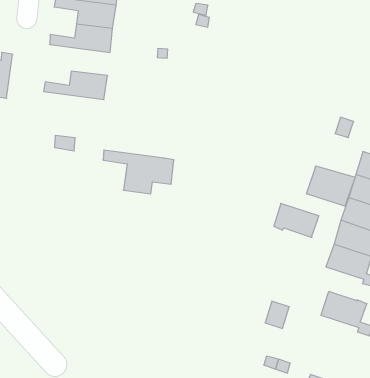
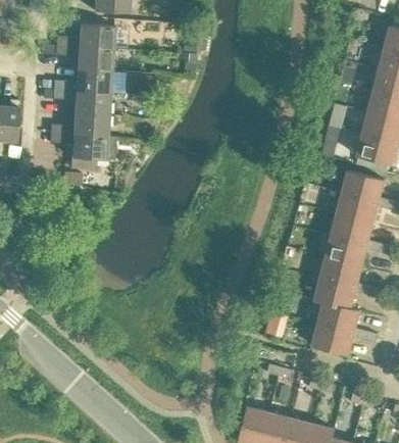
building: none -> [51,89,108,114]
building: [103,150,174,194] -> [49,133,114,170]
building: [306,166,355,206] -> none
building: [274,203,319,237] -> [314,279,355,308]
building: none -> [312,324,353,354]

